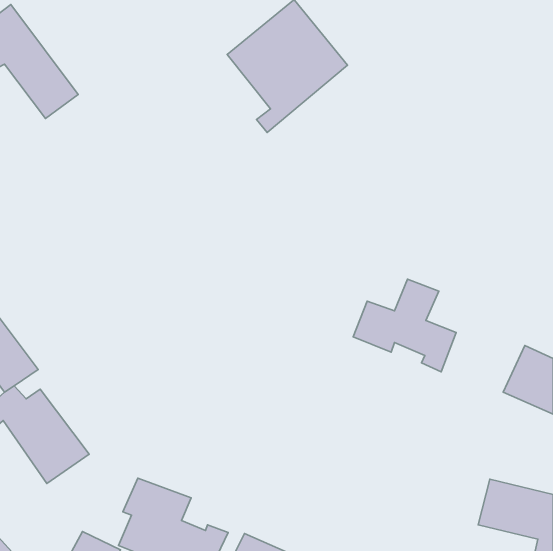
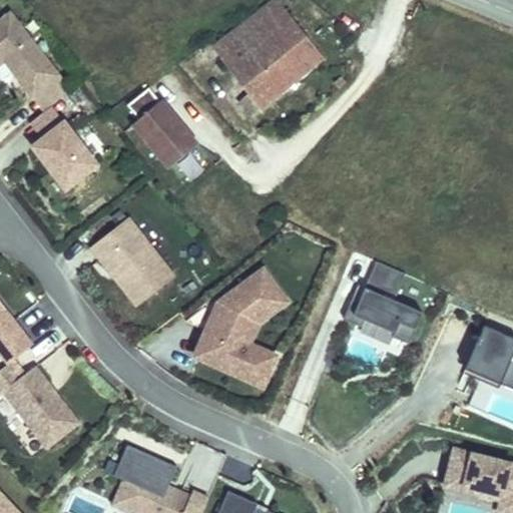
building: none -> [124,110,191,180]
building: none -> [28,116,101,193]
building: none -> [89,216,176,309]
building: none -> [188,265,291,387]

